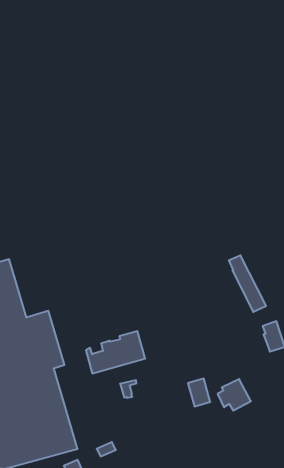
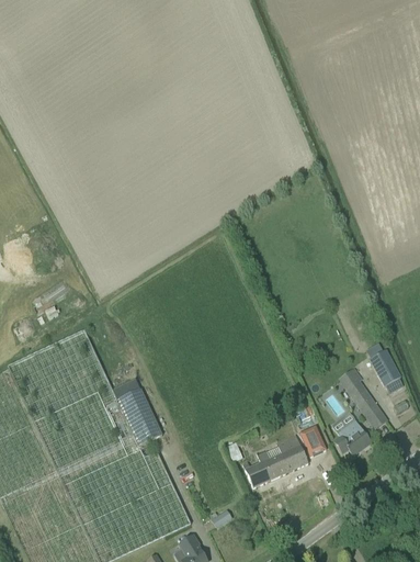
building: [229,255,266,312] -> [339,369,387,428]
building: [86,331,145,373] -> [242,434,308,487]

